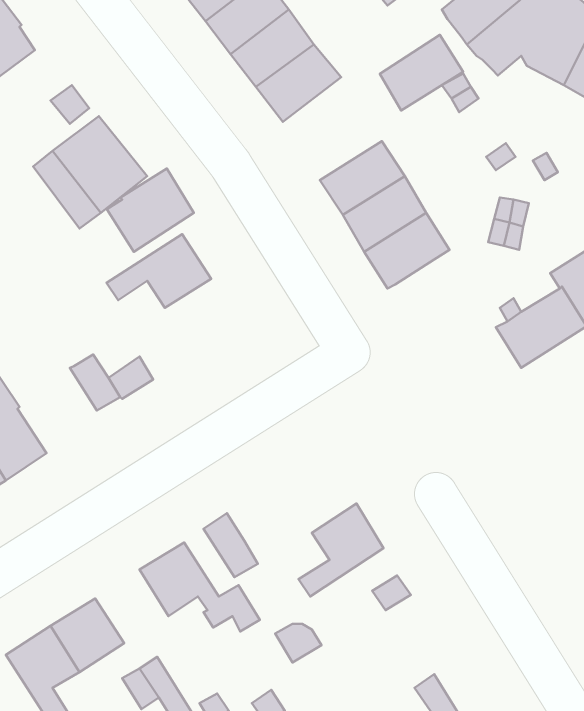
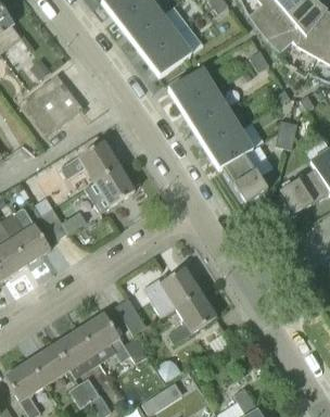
building: [380,35,463,111] -> [168,67,215,110]
building: [107,168,194,252] -> [86,165,135,212]
building: none -> [223,154,267,204]
building: none -> [11,205,51,263]
building: none -> [144,266,201,315]
building: none -> [54,328,96,369]

